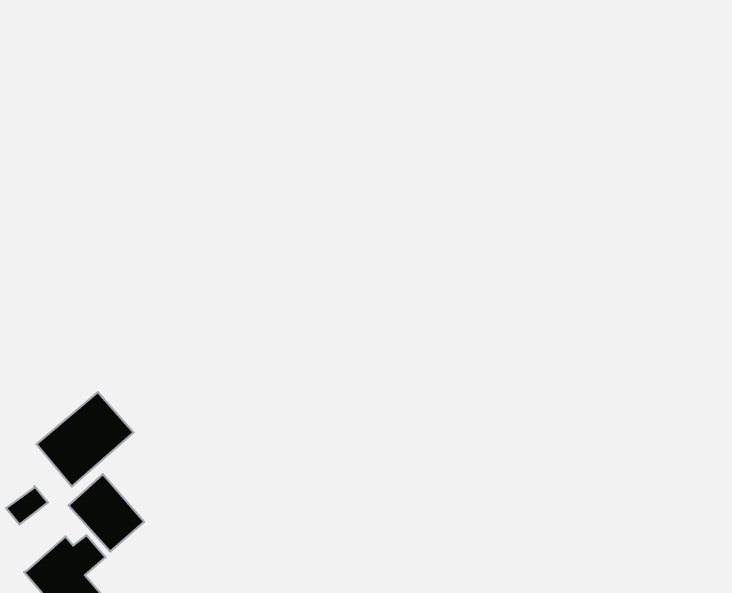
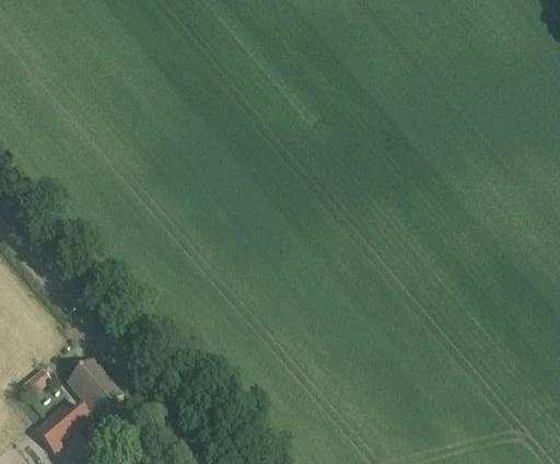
building: [37,392,133,486] -> none

